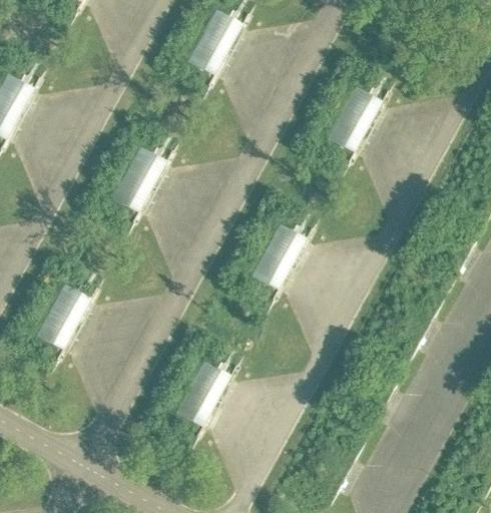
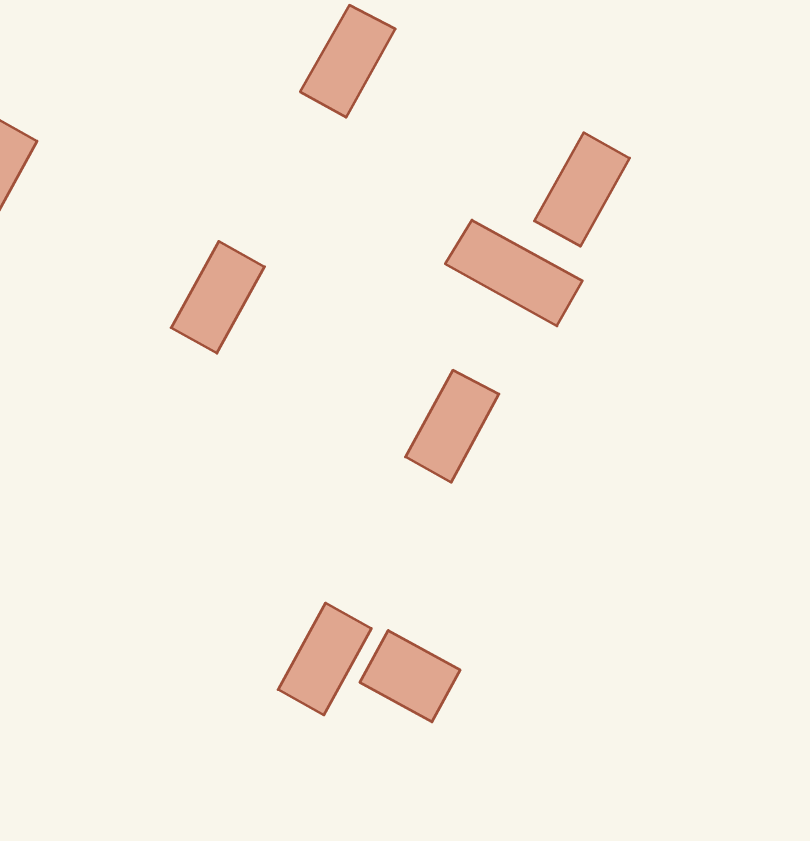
building: none -> [445,220,582,326]
building: [34,285,90,351] -> none
building: none -> [360,630,460,722]

